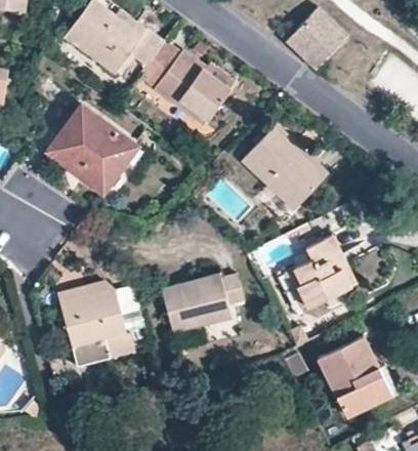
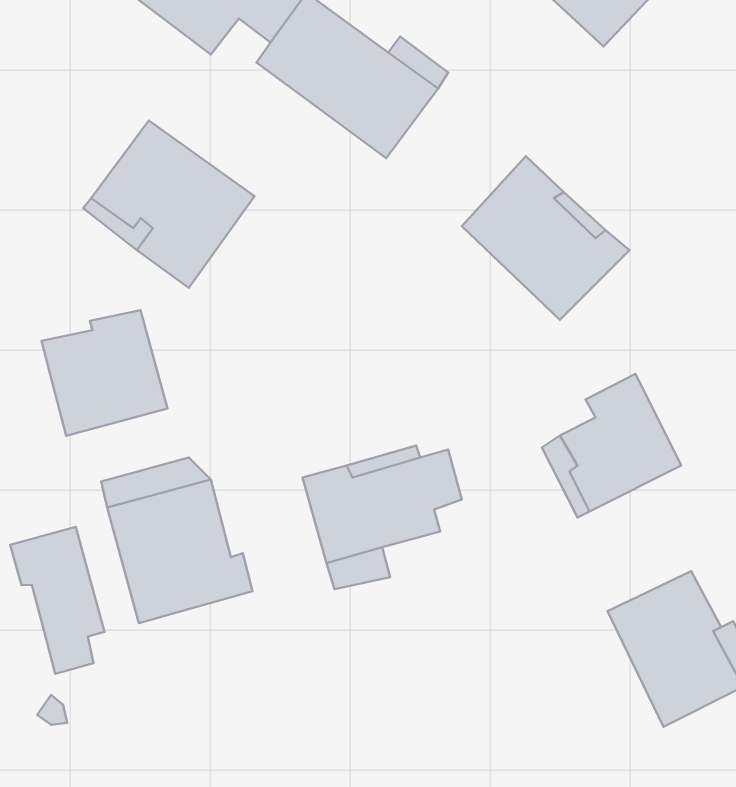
building: none -> [42,310,168,436]
building: none -> [10,527,105,674]

